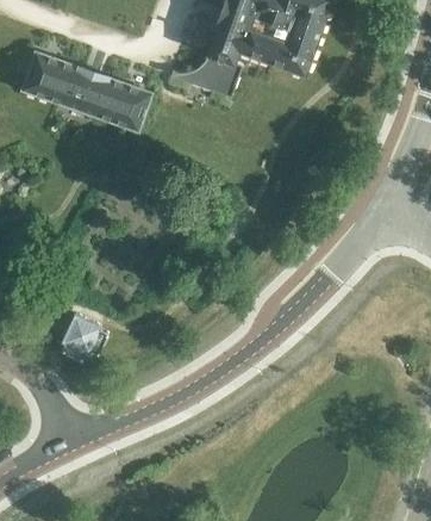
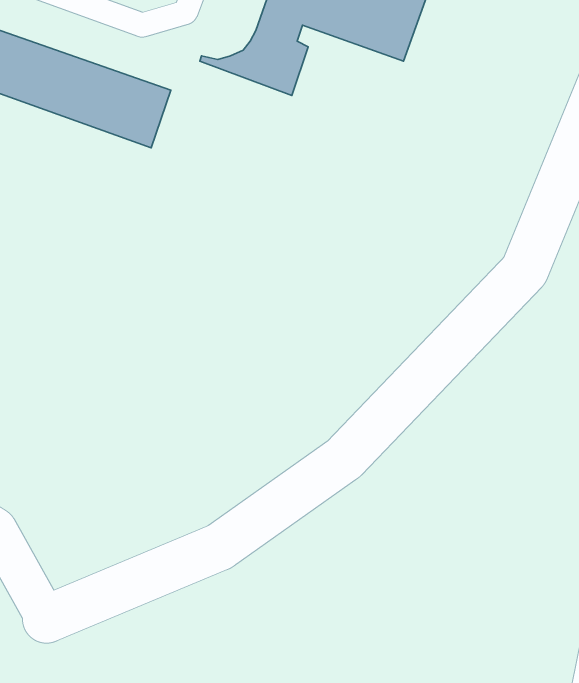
building: [62,314,105,355] -> none

